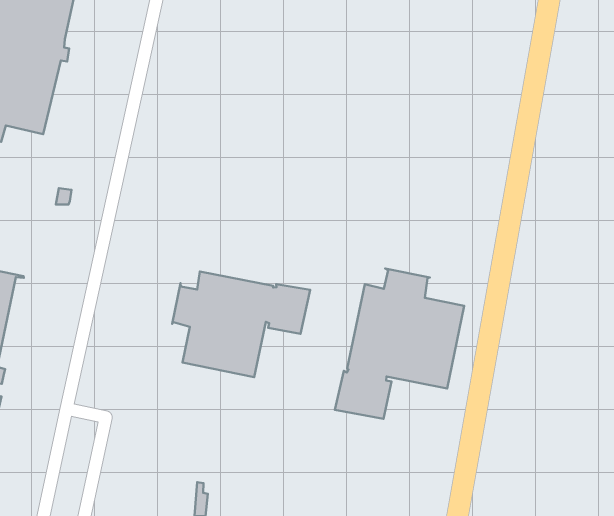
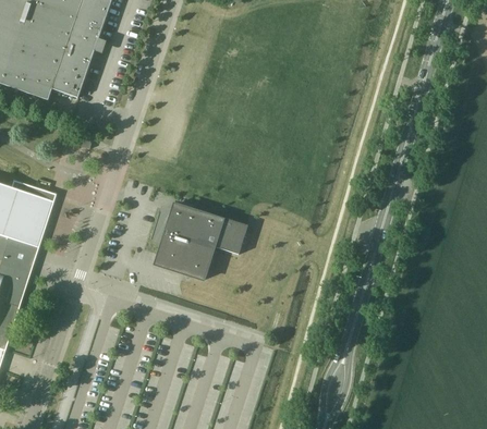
building: [335,268,464,419] -> none

